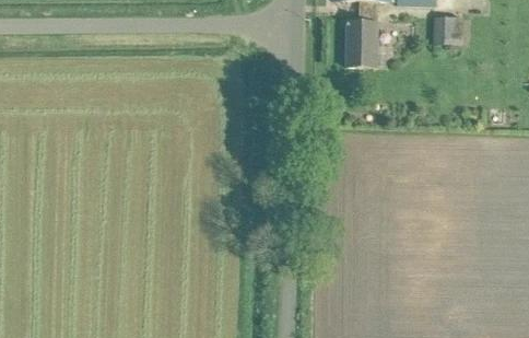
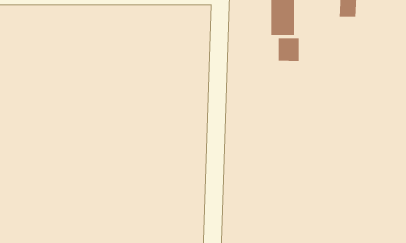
building: none -> [278,38,299,62]

